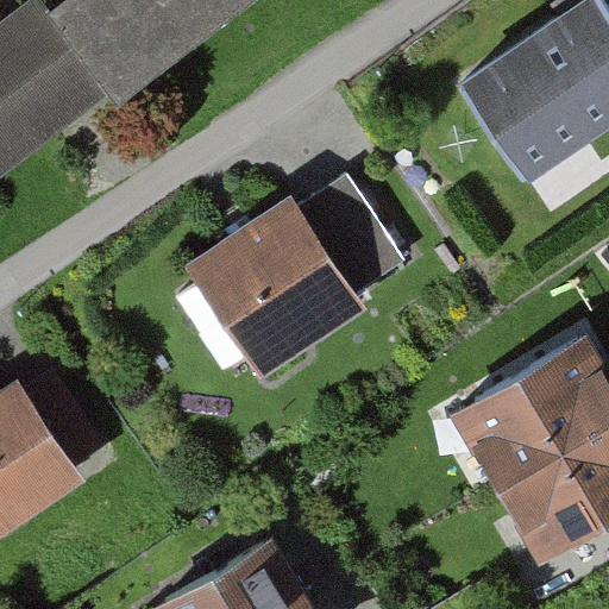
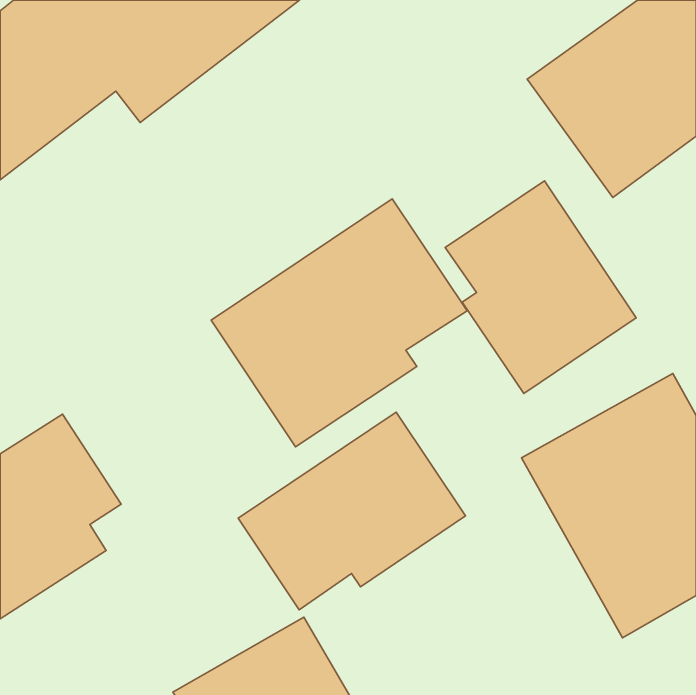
building: none -> [445,181,636,393]
building: none -> [238,412,466,610]

